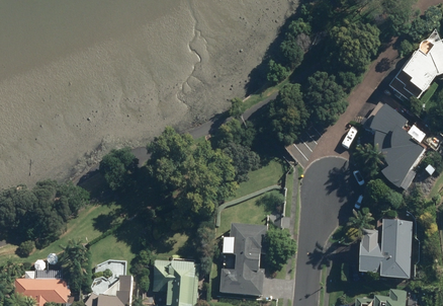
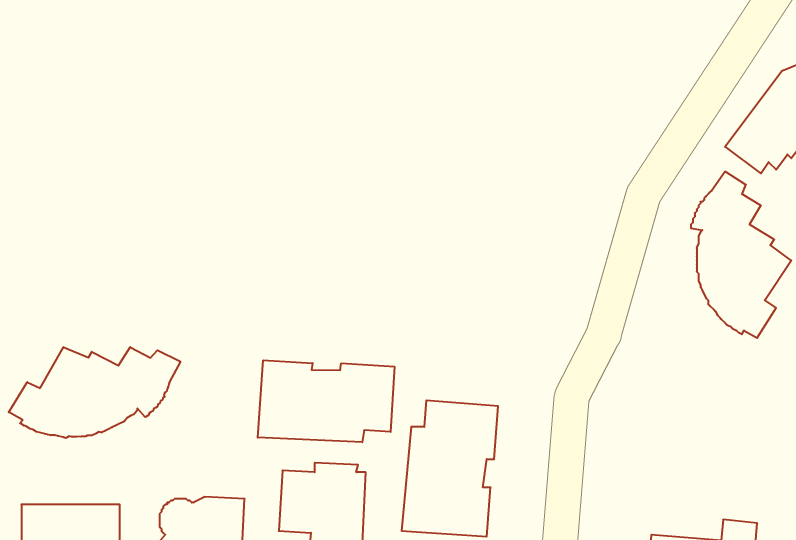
building: none -> [9,347,180,438]
building: none -> [258,360,394,442]
building: [360,220,413,279] -> none

